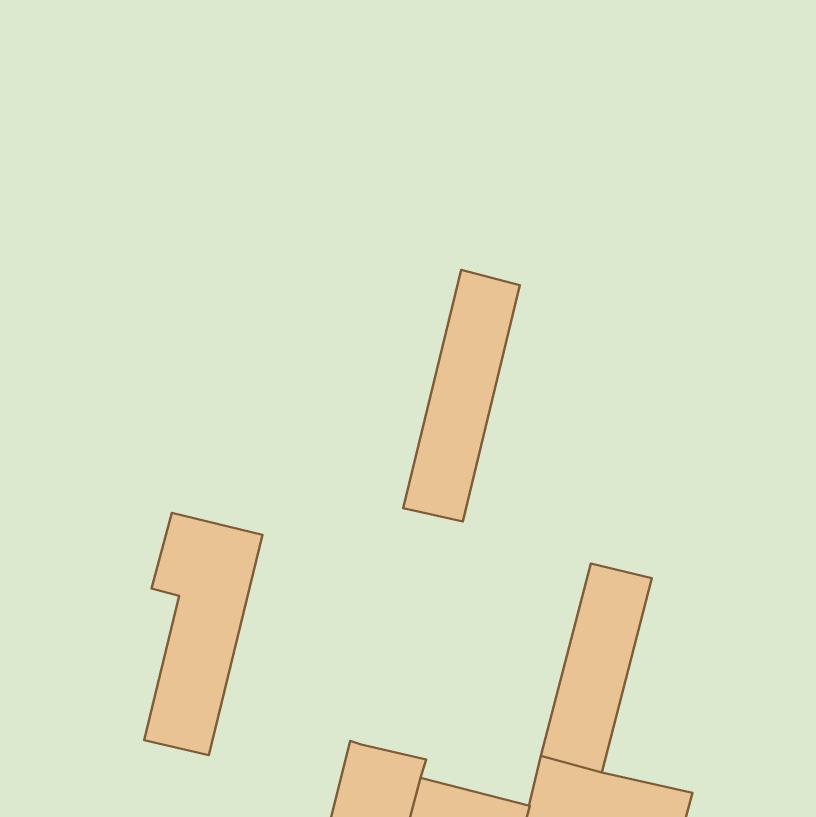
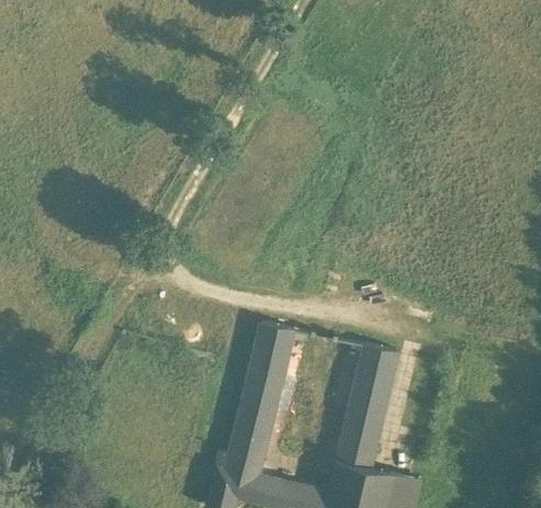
building: [403,270,520,522] -> none
building: [144,513,263,755] -> [227,318,297,462]

